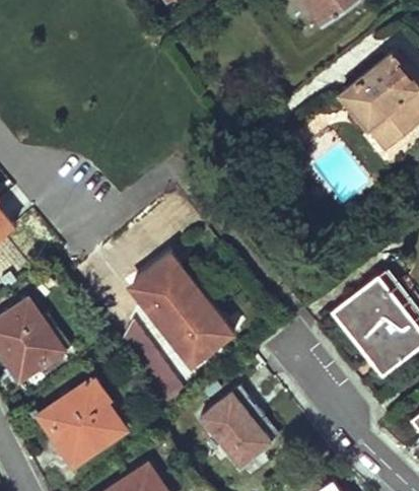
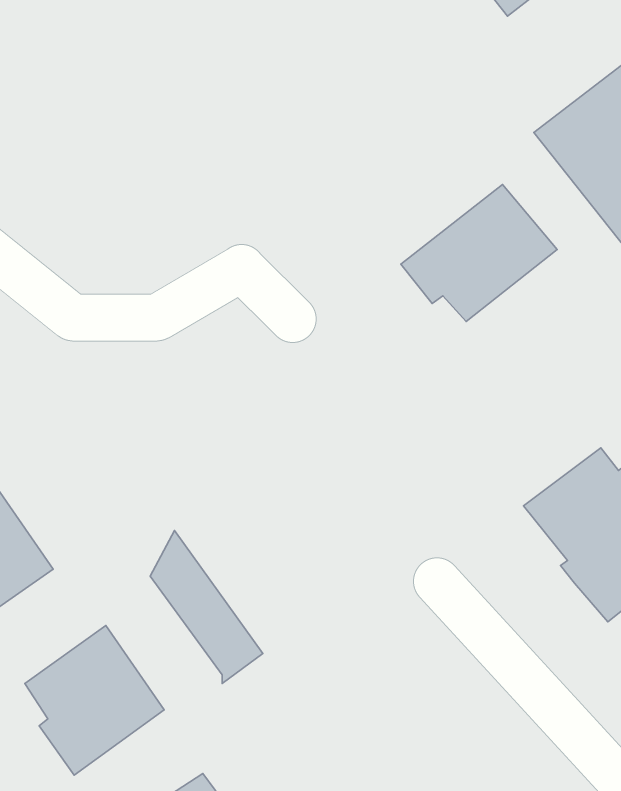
building: none -> [401,184,557,322]
building: [133,253,231,361] -> none
building: [199,390,268,468] -> none

